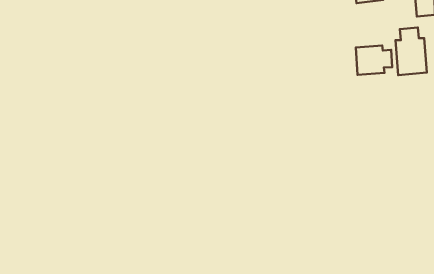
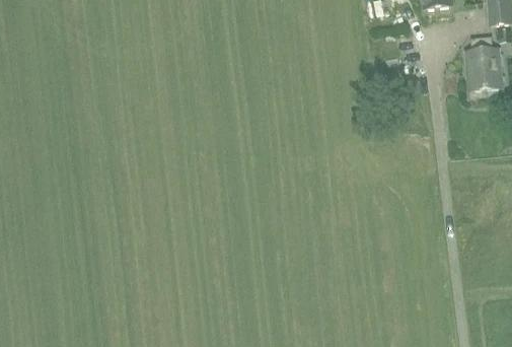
building: [356,46,392,75] -> none

